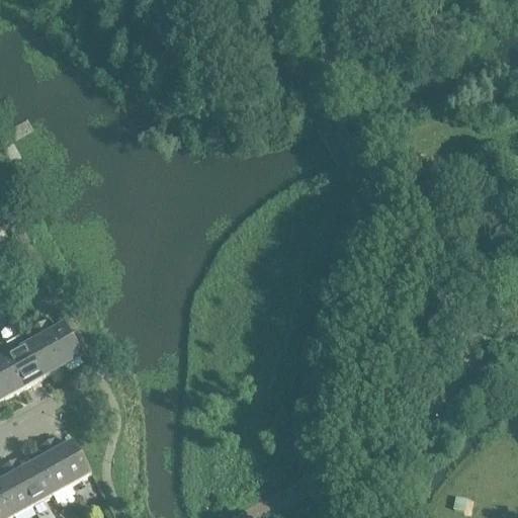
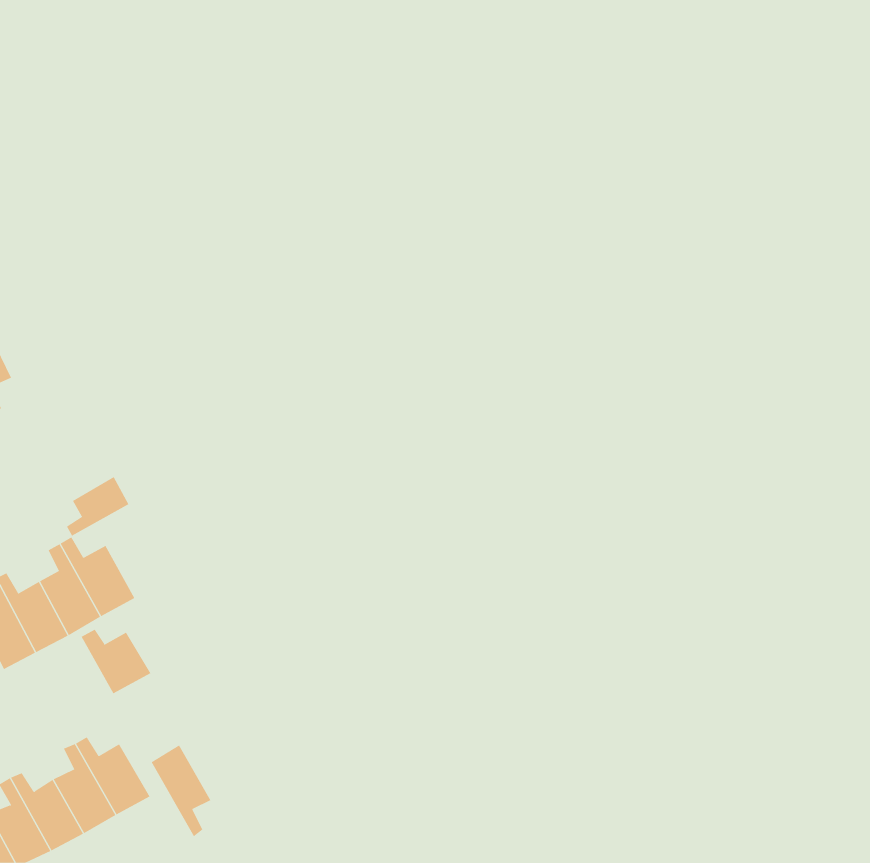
building: none -> [66,476,129,537]
building: none -> [81,629,151,694]
building: none -> [151,744,211,837]

